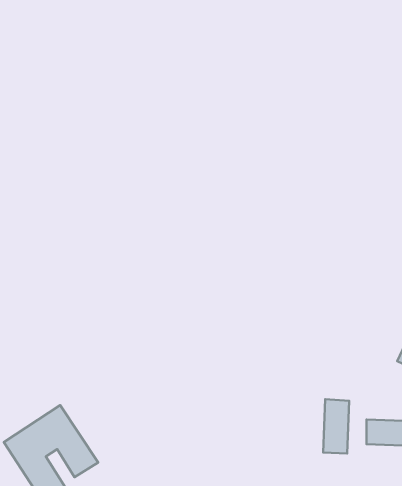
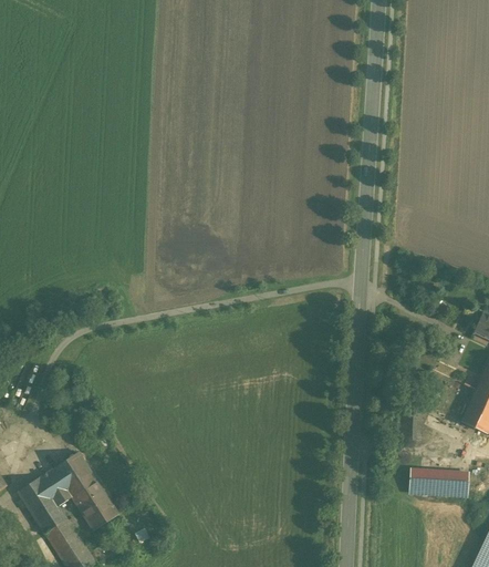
building: [323,399,349,453] -> none

